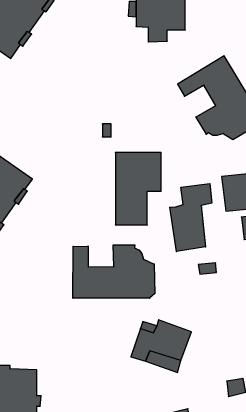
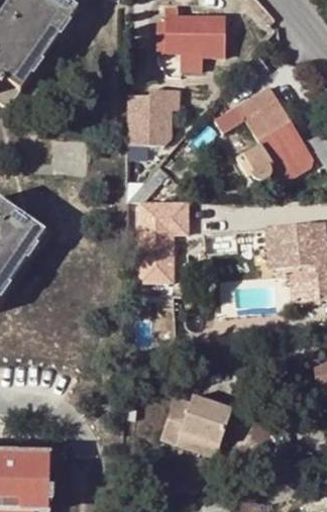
building: none -> [126,100,171,143]
building: [170,184,212,252] -> none
building: [73,245,155,298] -> none

